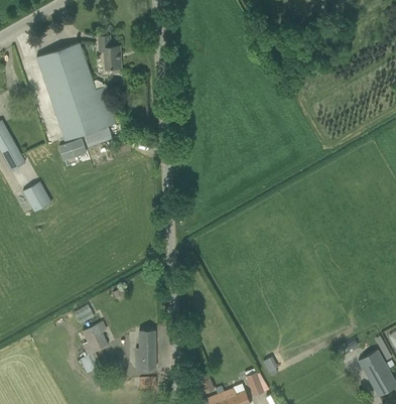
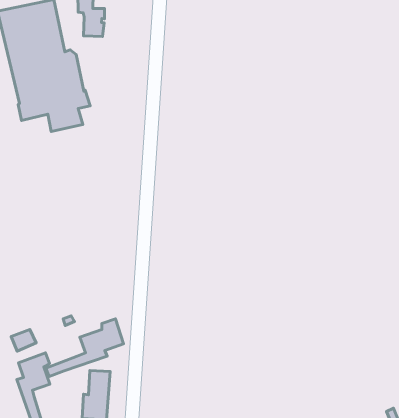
building: [58,139,87,161] -> none
building: none -> [46,319,123,376]

